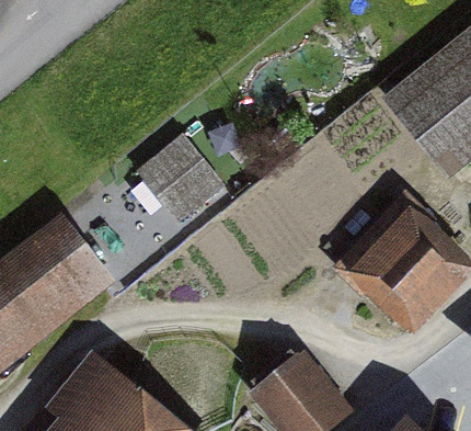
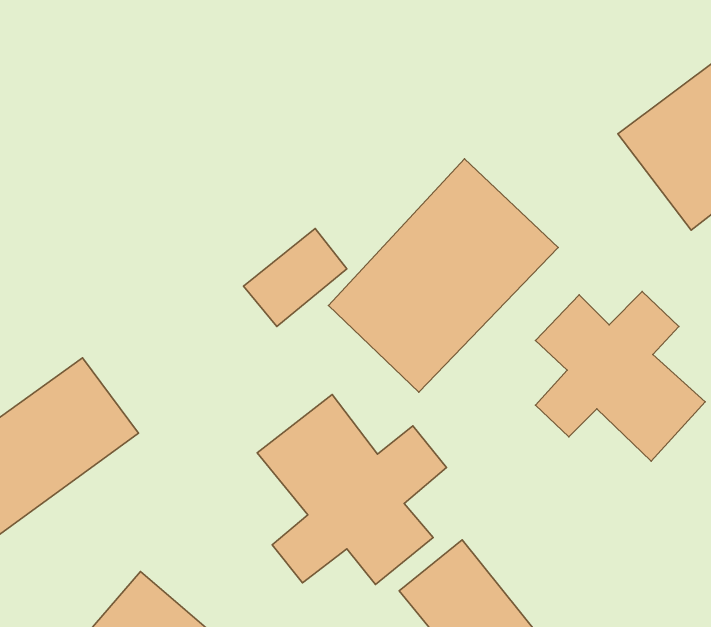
building: none -> [328,159,558,392]
building: none -> [257,395,447,585]

